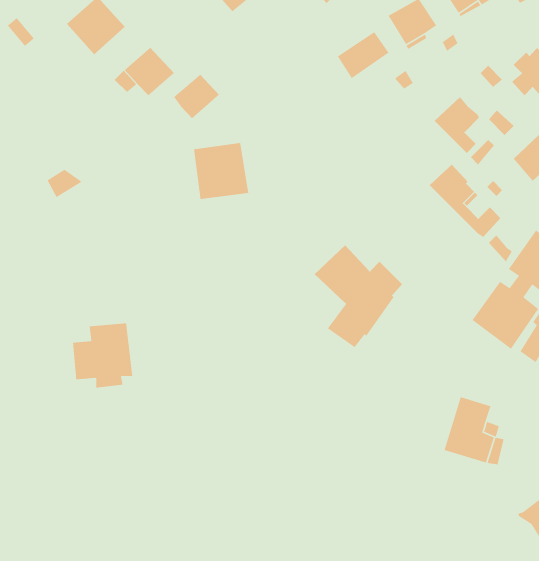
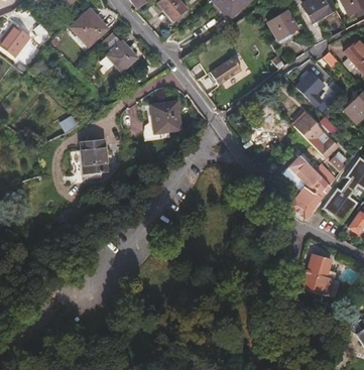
building: [337,31,389,79] -> [210,56,242,86]
building: [173,74,220,119] -> none
building: [314,244,403,348] -> [281,154,336,218]
building: [72,323,133,388] -> [71,138,108,178]

